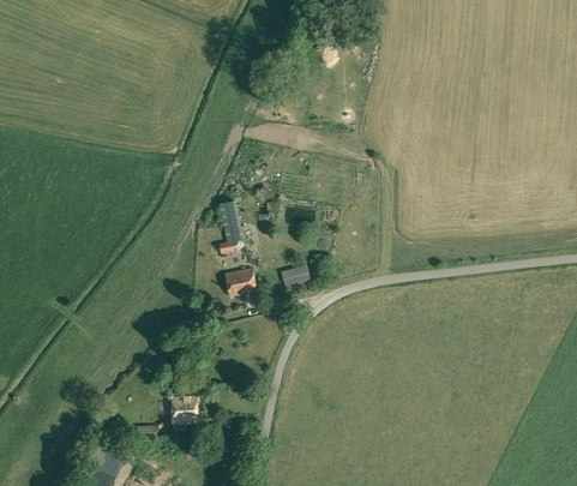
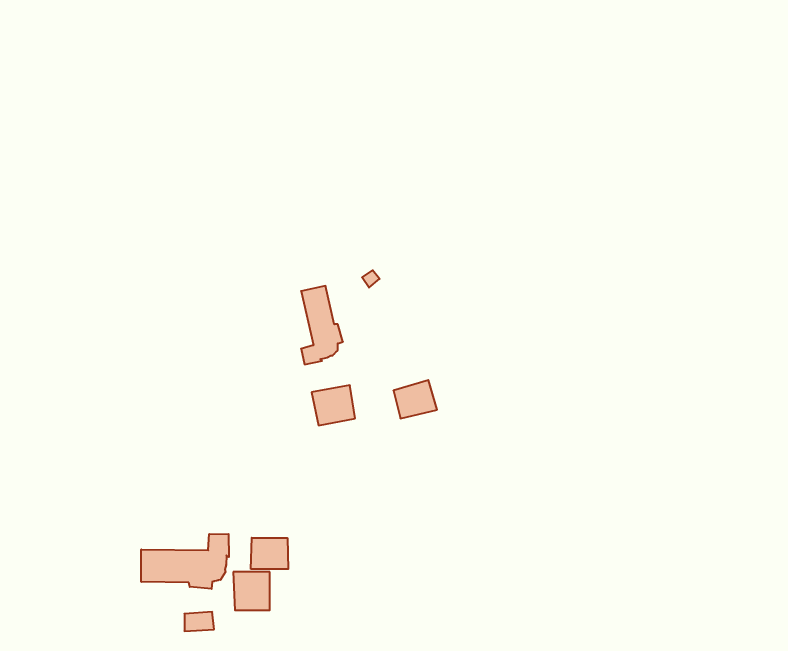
building: none -> [141,534,229,589]
building: none -> [251,538,288,569]

